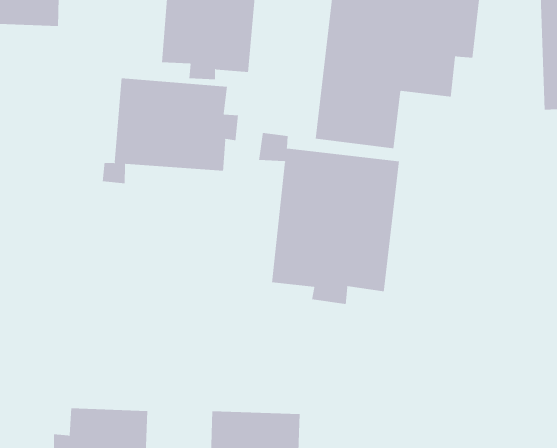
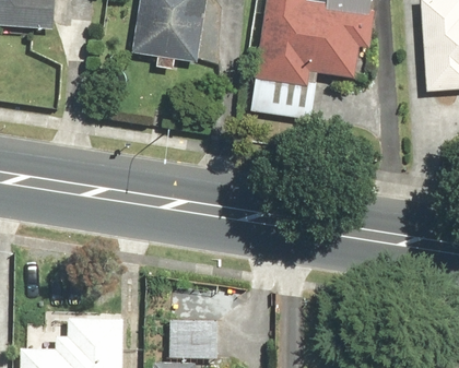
building: [102,78,239,184] -> none
building: [259,132,400,305] -> none

